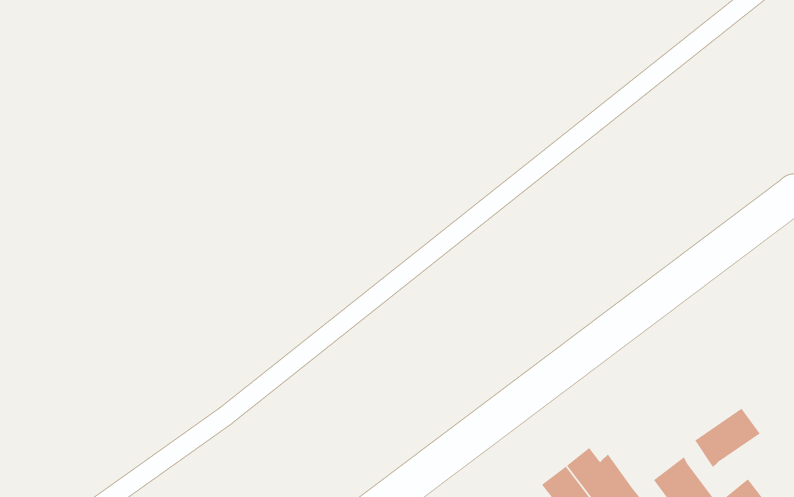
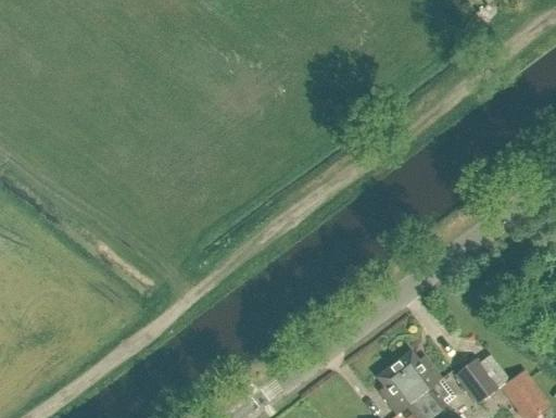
building: [695,408,760,468] -> none

